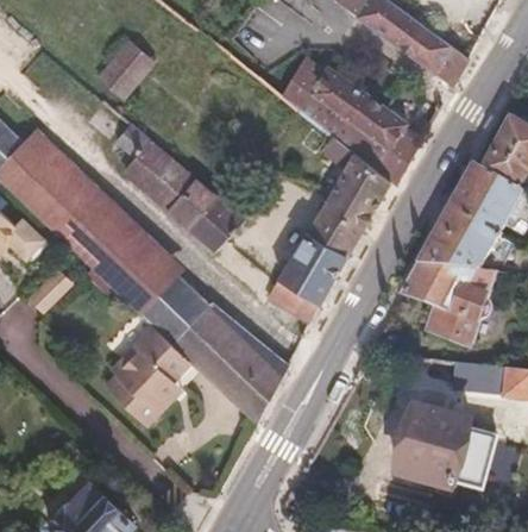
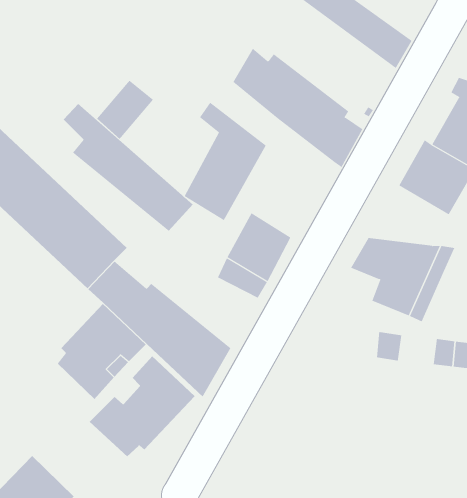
building: [99,39,157,100] -> [96,80,154,140]
building: [304,137,388,257] -> [184,102,266,221]
building: [422,205,504,265] -> none
building: none -> [89,355,195,457]
building: [398,396,498,482] -> none

